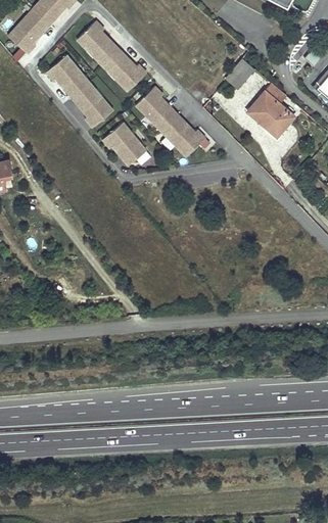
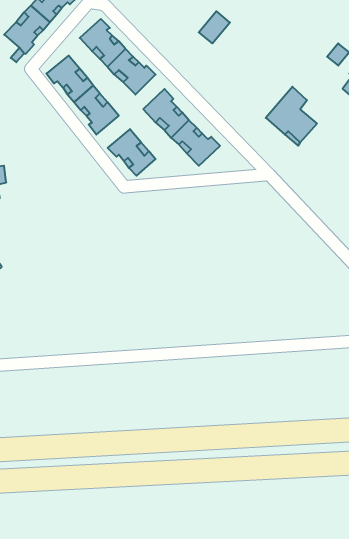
building: [226,58,254,88] -> [199,11,230,43]

